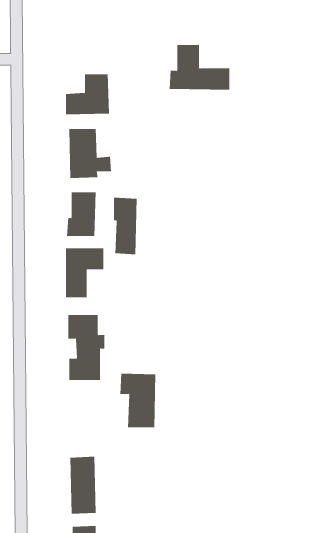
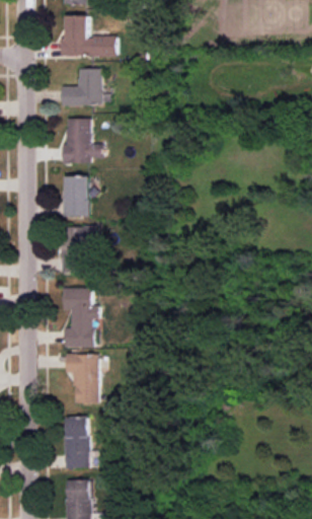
building: [169,45,230,90] -> [60,15,115,57]
building: [113,197,137,255] -> none
building: [119,373,156,428] -> [65,354,98,403]

